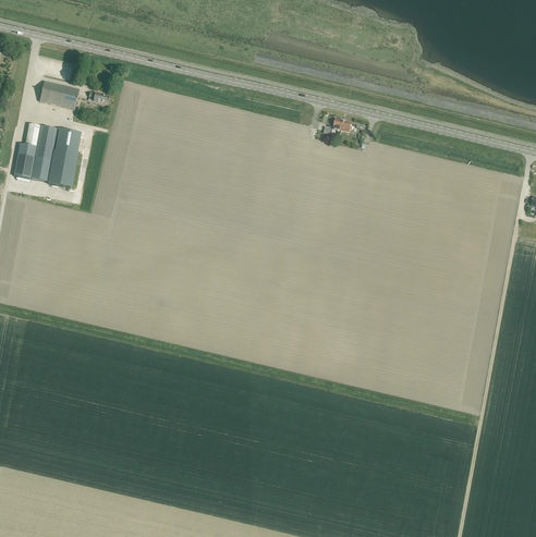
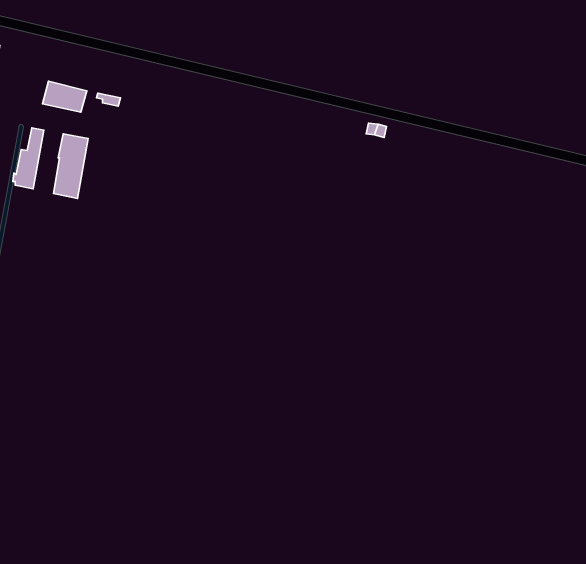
building: [32,125,58,182] -> none

